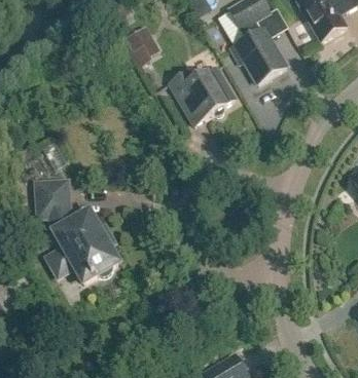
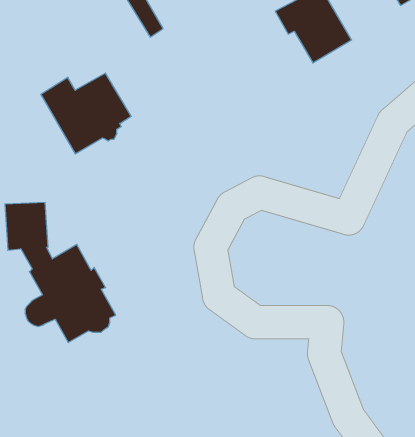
building: [169,65,234,122] -> [41,73,131,154]

